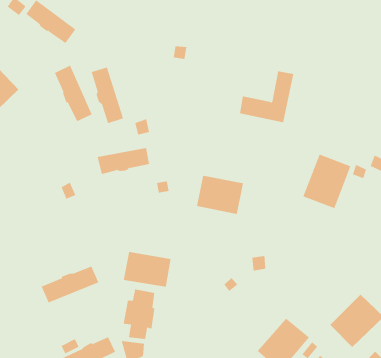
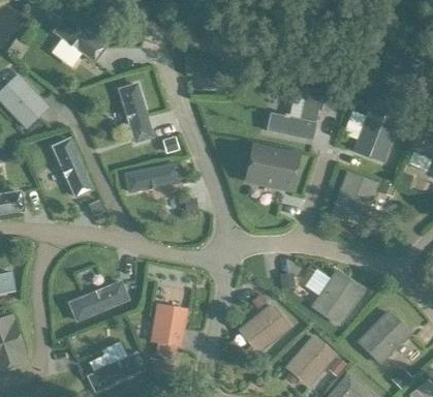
building: [54,65,92,122] -> [54,139,92,195]
building: none -> [355,110,399,160]
building: [196,175,244,214] -> [249,148,297,187]
building: [123,251,171,287] -> none
building: none -> [311,269,366,326]
building: none -> [239,302,291,354]

